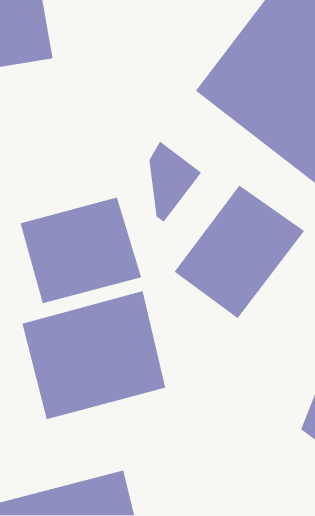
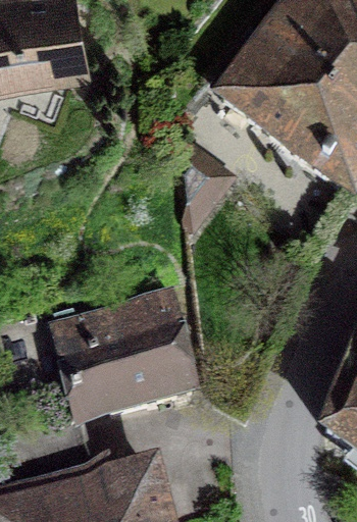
building: [173,185,305,319] -> none
building: [20,197,142,304] -> none

